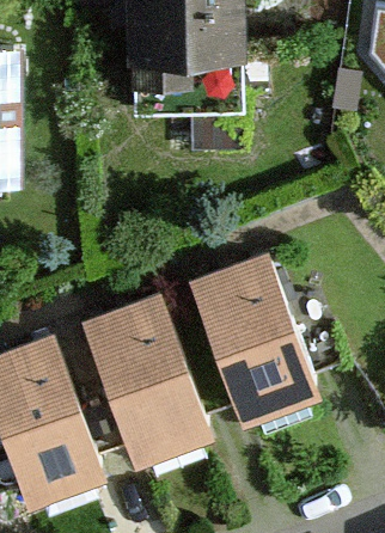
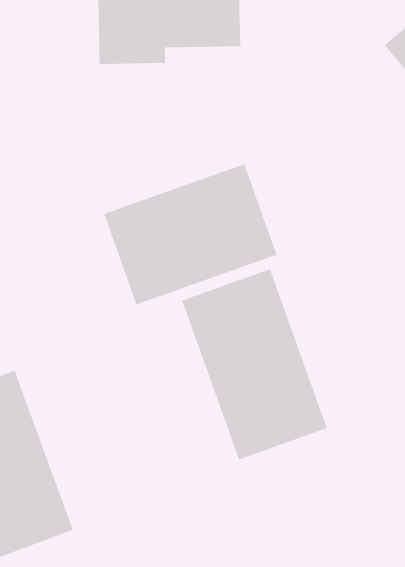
building: none -> [103,163,277,306]
building: [79,294,209,462] -> none

